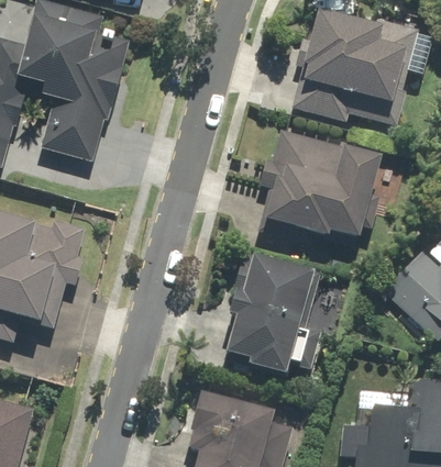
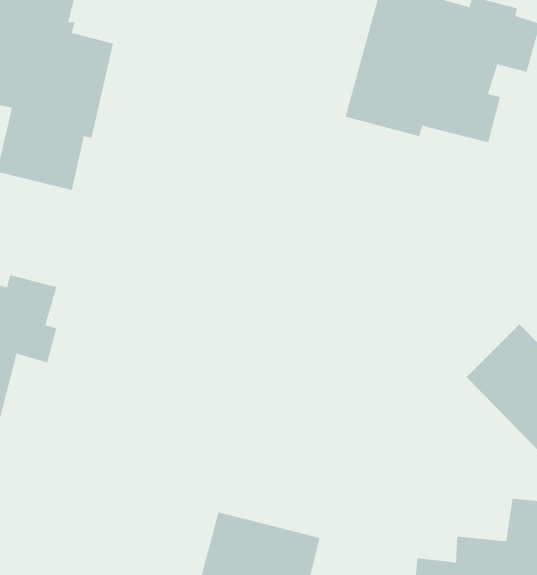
building: [260,130,381,244] -> none
building: [227,253,316,375] -> none

